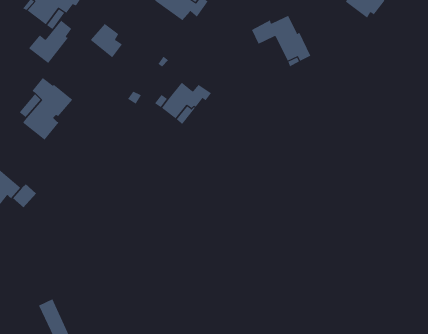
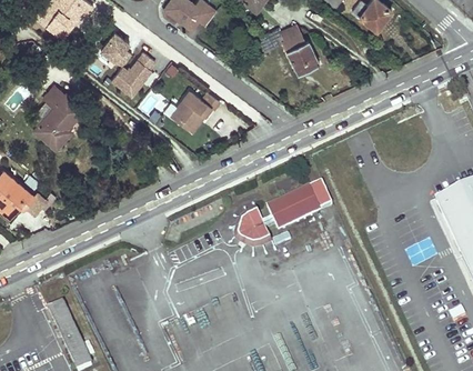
building: [28,20,72,64] -> [111,51,154,94]
building: none -> [239,178,332,241]

